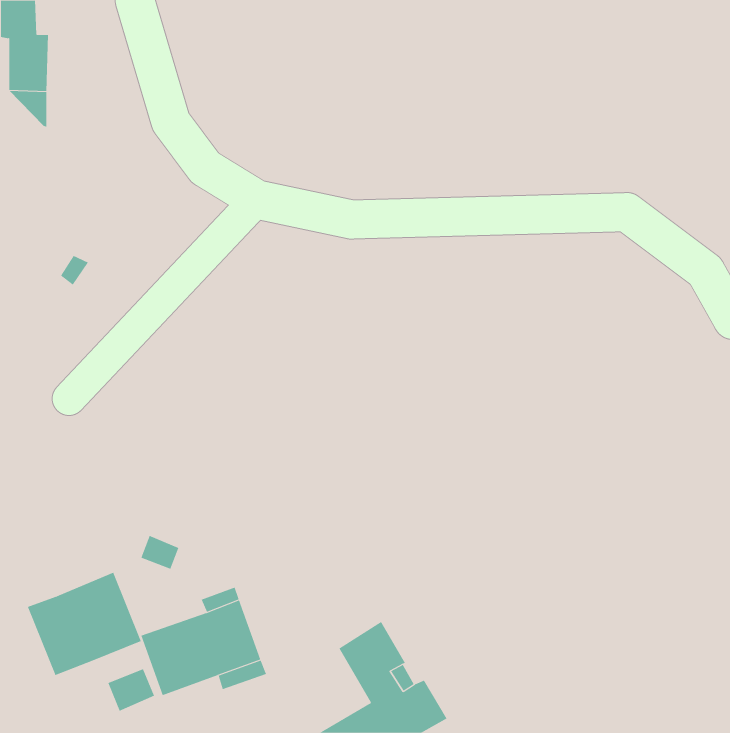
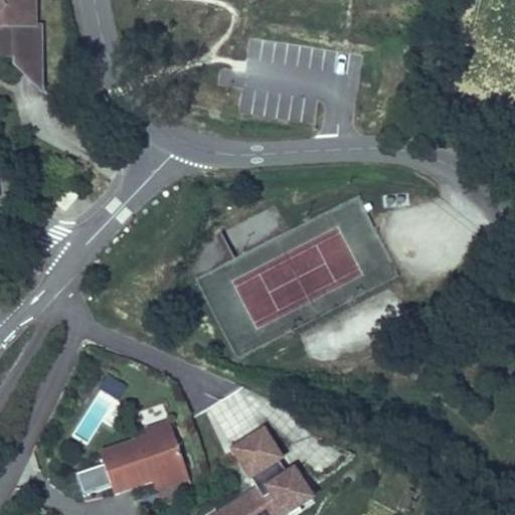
building: [27,572,142,676] -> none

